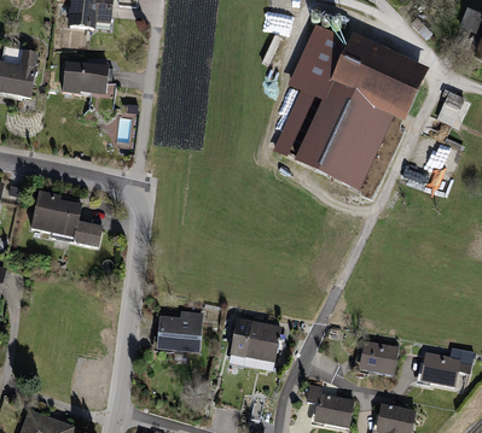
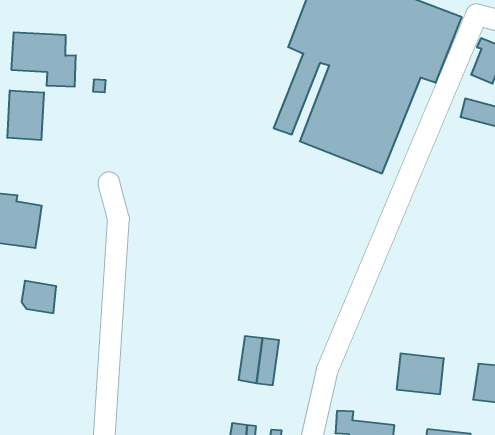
building: none -> [7,90,44,140]
building: [72,220,101,247] -> [22,281,56,313]
building: [157,310,204,353] -> none
building: [259,323,285,362] -> none

